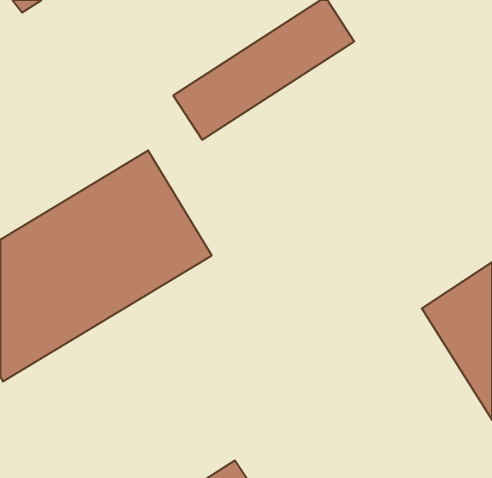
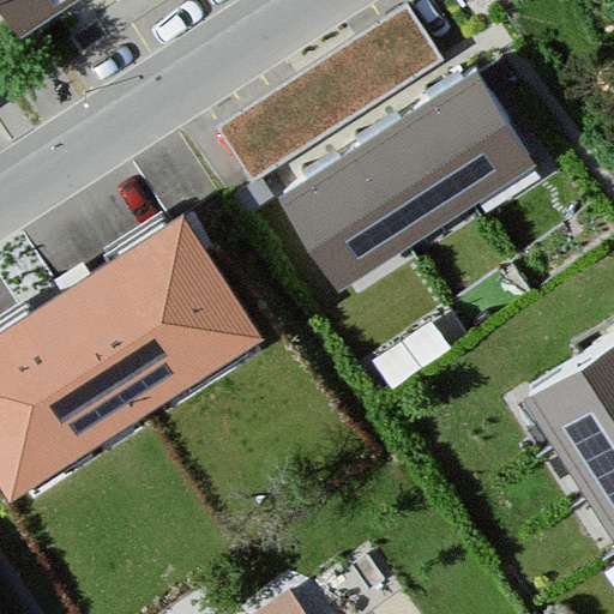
building: none -> [282,76,537,291]

